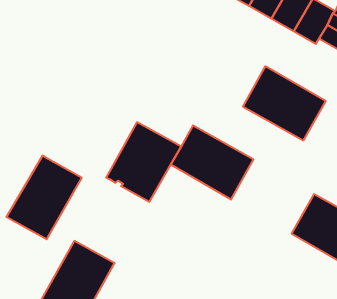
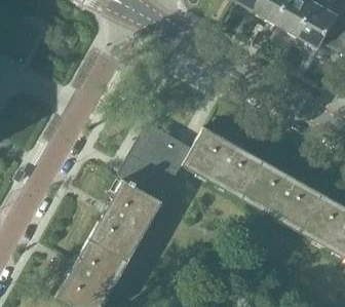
building: [243,66,326,140] -> [239,159,319,231]
building: [6,156,82,239] -> [87,179,160,260]

